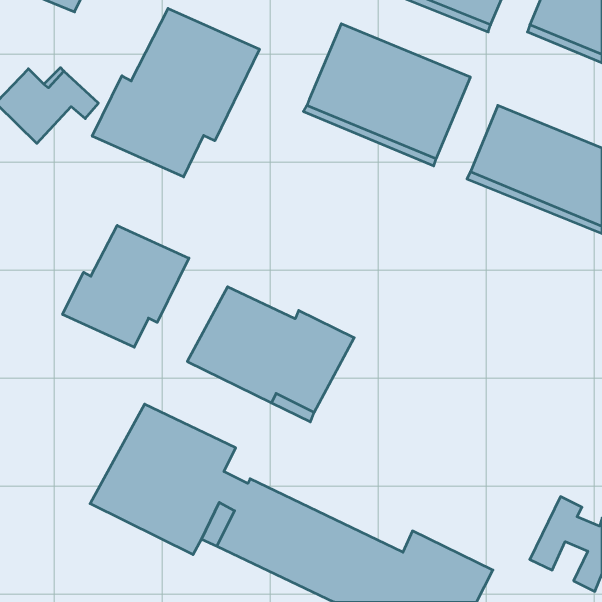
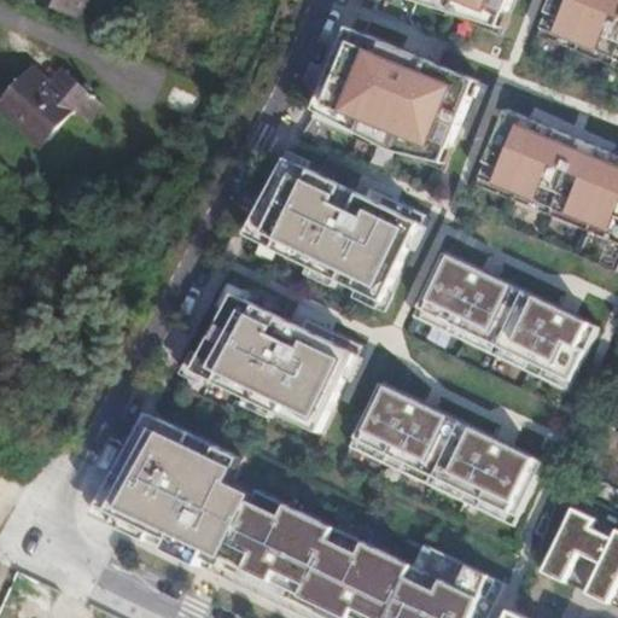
building: [92,8,259,177] -> none
building: none -> [244,157,425,301]
building: [63,225,189,347] -> none
building: none -> [413,250,597,390]
building: none -> [345,379,541,523]

